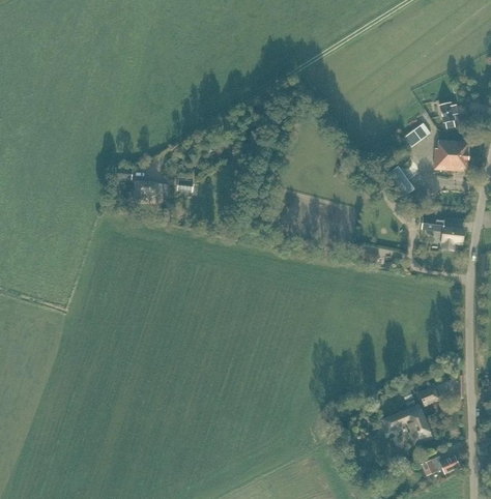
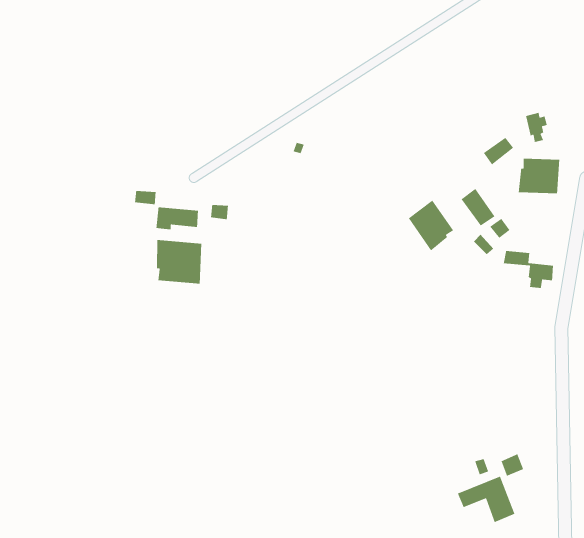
building: none -> [408,199,454,251]
building: none -> [156,239,202,284]

